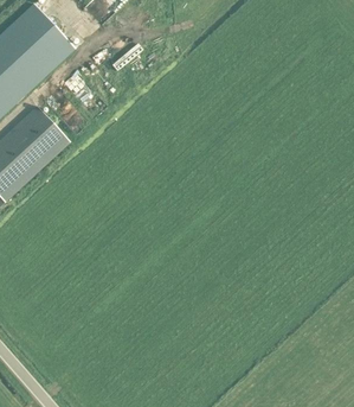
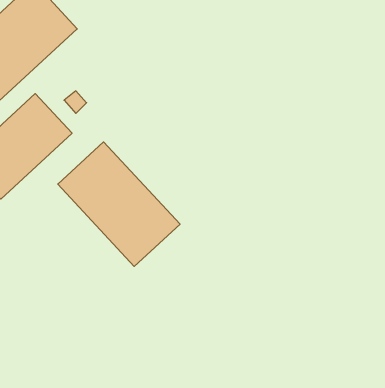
building: none -> [58,142,180,266]

